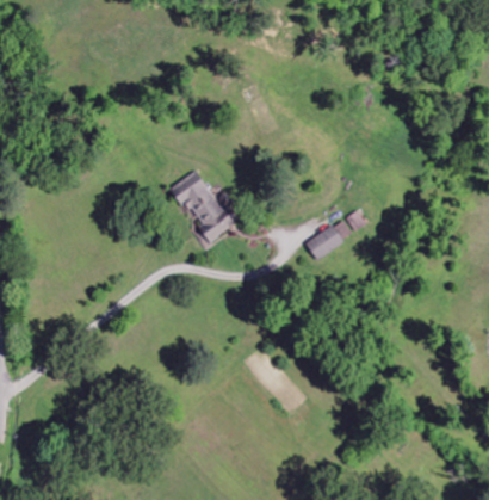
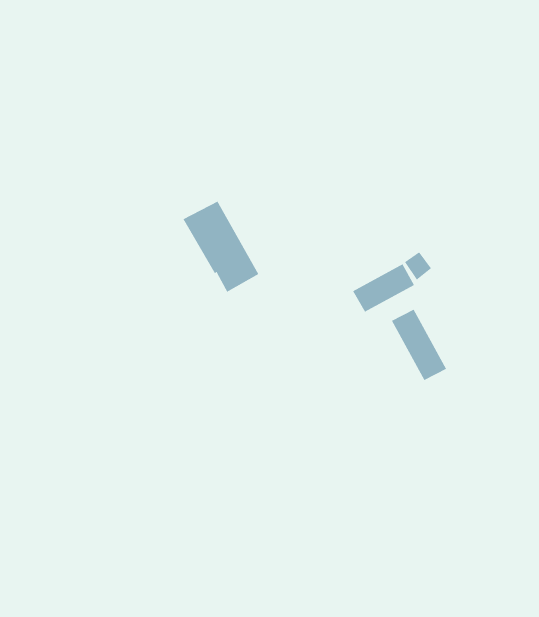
building: none -> [391,309,447,381]

